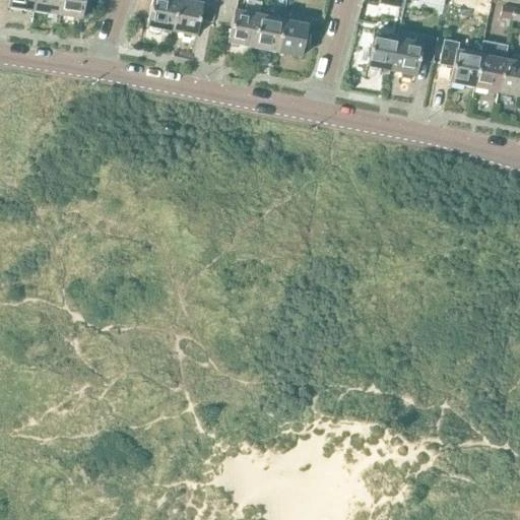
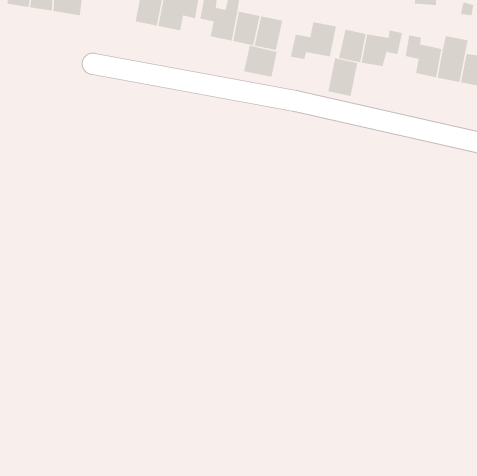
building: none -> [290,21,337,60]
building: none -> [243,45,277,77]
building: none -> [328,57,358,97]

